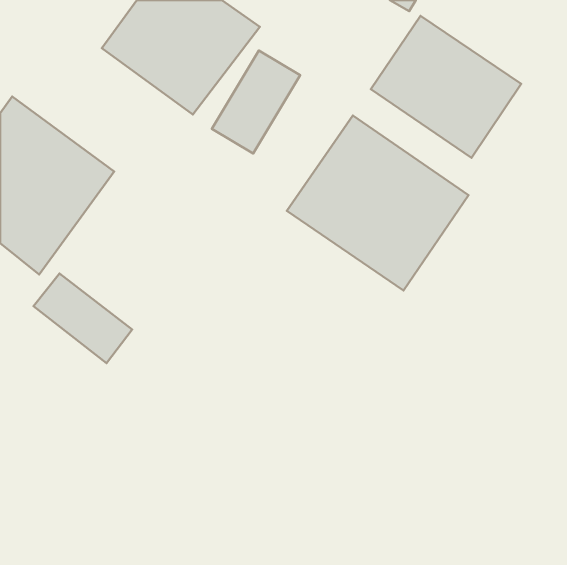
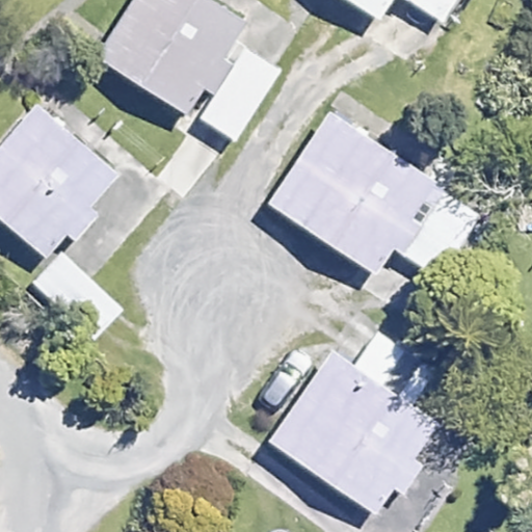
building: [371,16,521,158] -> none
building: none -> [271,352,435,508]

